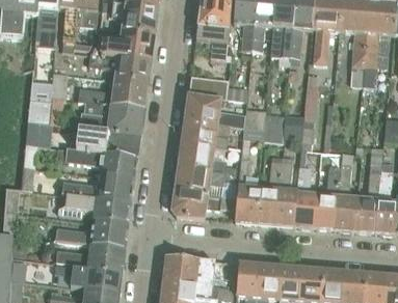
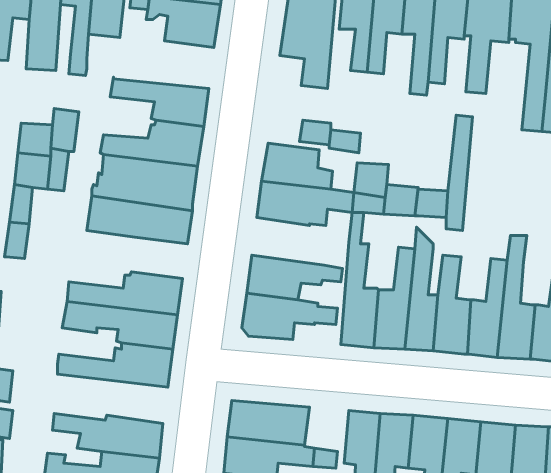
building: [91,29,155,59] -> none
building: [179,140,237,172] -> none
building: [55,146,138,178] -> none
building: [55,243,126,270] -> none

